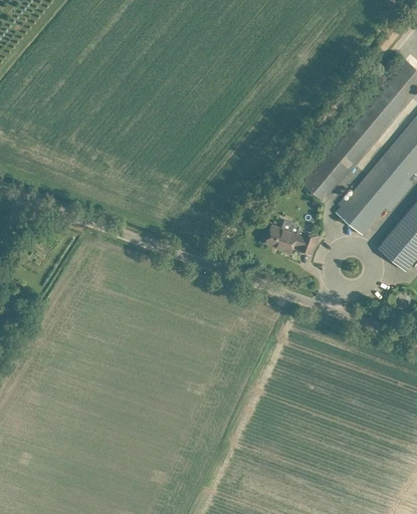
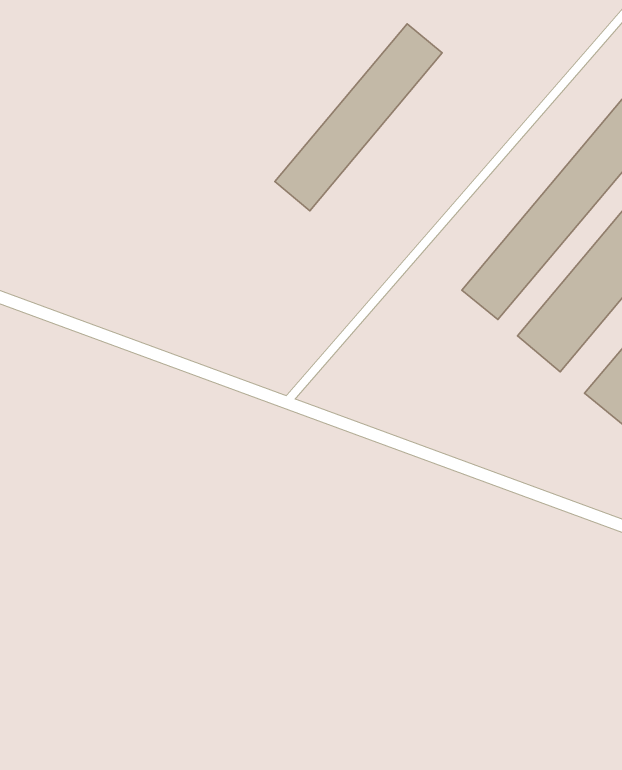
building: none -> [275,24,442,211]
building: [266,225,319,254] -> none

